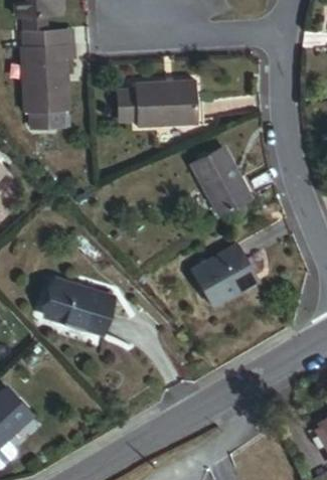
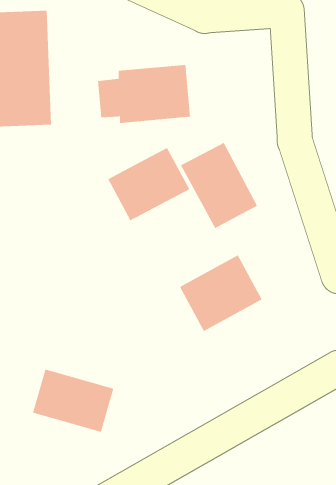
building: none -> [107,147,190,221]
building: [46,279,118,334] -> [32,369,114,433]

